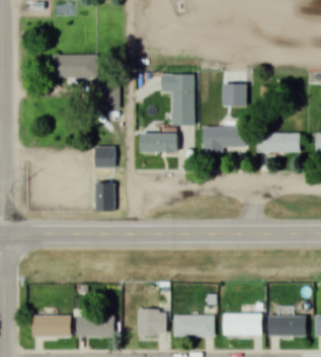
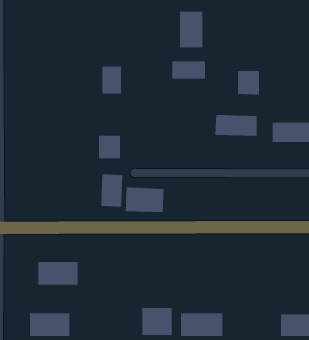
building: [56,57,100,81] -> none
building: [175,94,197,129] -> [179,11,203,48]
building: [143,134,180,158] -> [125,187,165,213]
building: [74,312,112,335] -> [38,262,78,285]
building: [221,312,259,335] -> none

